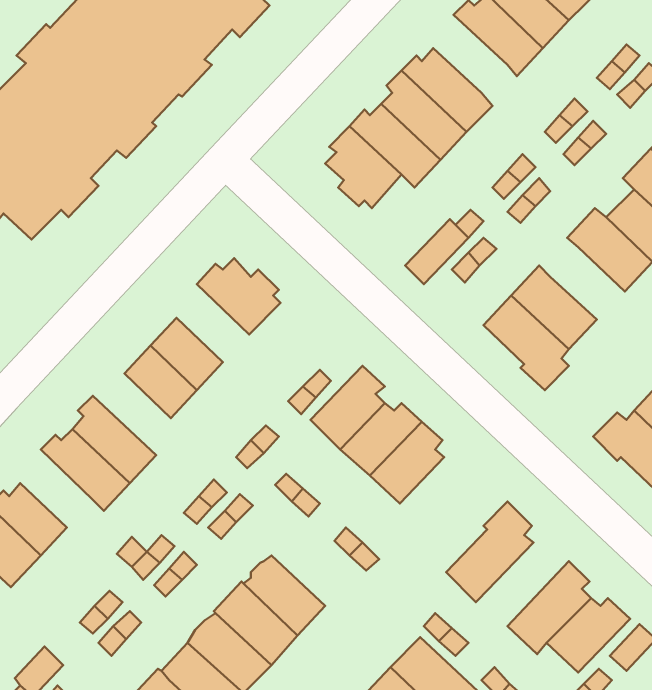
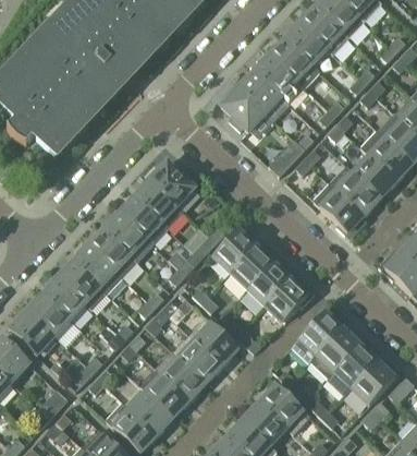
building: none -> [283,20,327,65]
building: none -> [352,156,395,199]
building: none -> [133,178,182,230]
building: none -> [84,230,136,278]
building: none -> [41,275,84,321]
building: none -> [263,279,314,324]
building: none -> [188,319,237,367]
building: none -> [309,329,363,379]

